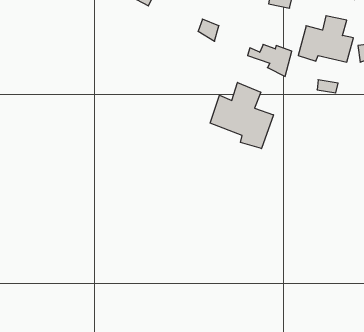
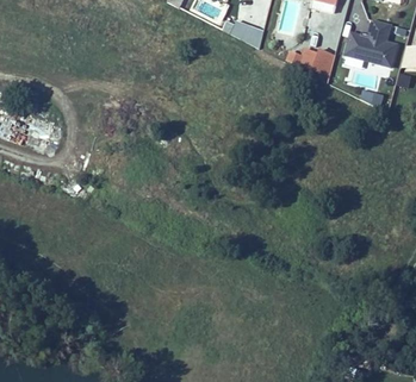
building: [210,82,273,149] -> none

